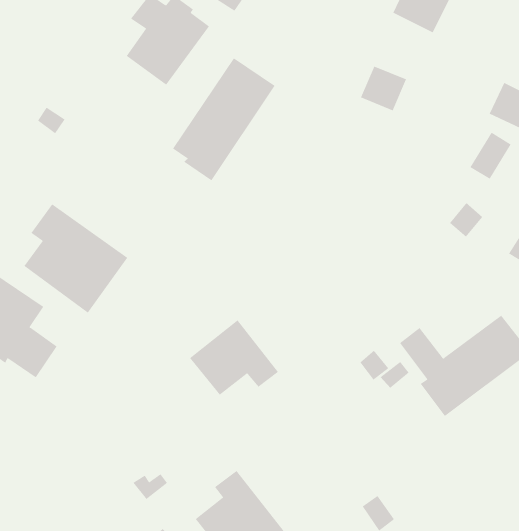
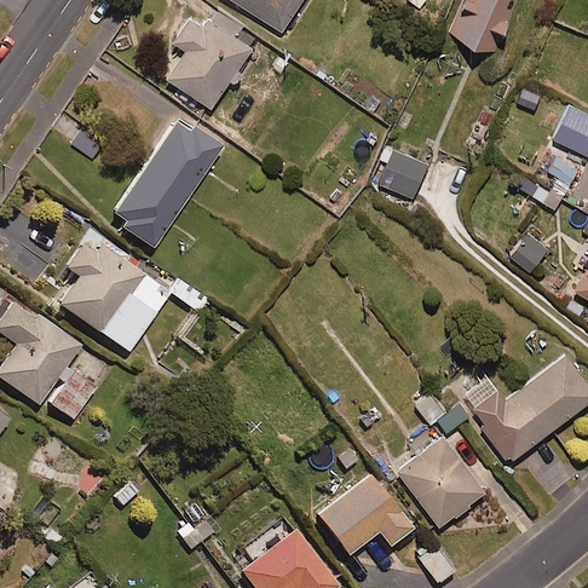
building: [172,58,275,181] -> [111,116,221,248]
building: [360,66,407,111] -> [379,149,428,197]
building: [189,320,279,396] -> [316,473,411,554]
building: none -> [396,436,488,526]

